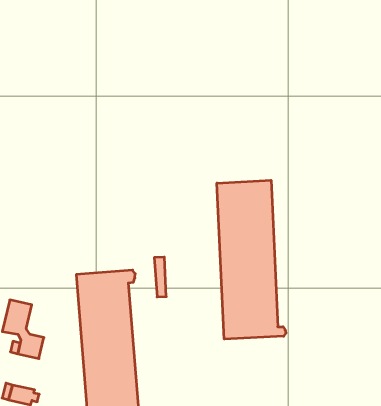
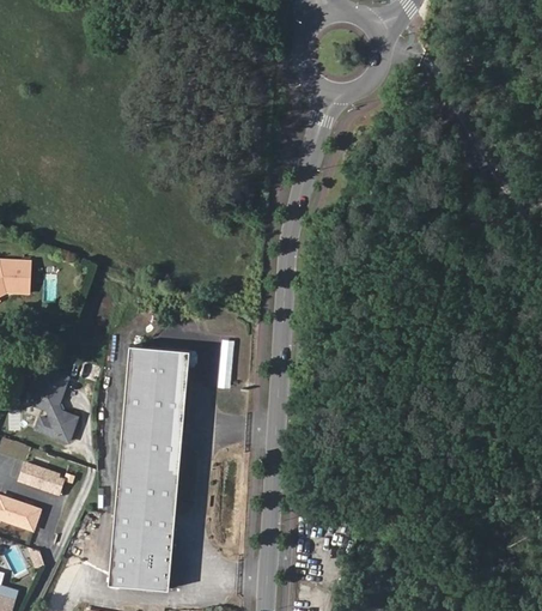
building: [217,180,286,339] -> none

